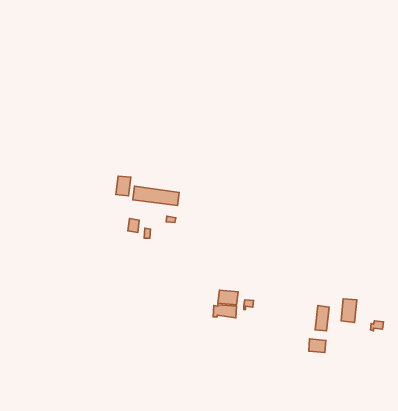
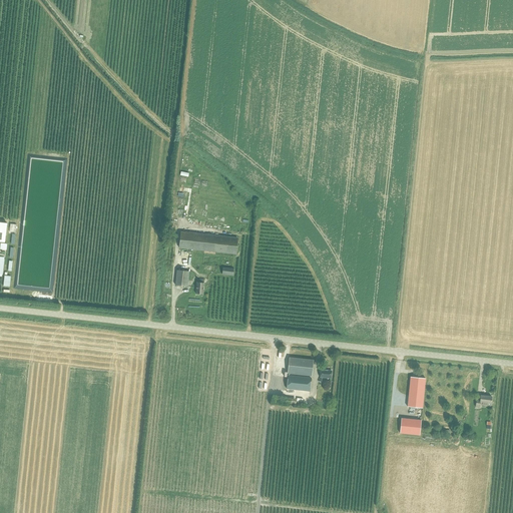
building: [116,176,131,196] -> none
building: [341,299,357,322] -> none

